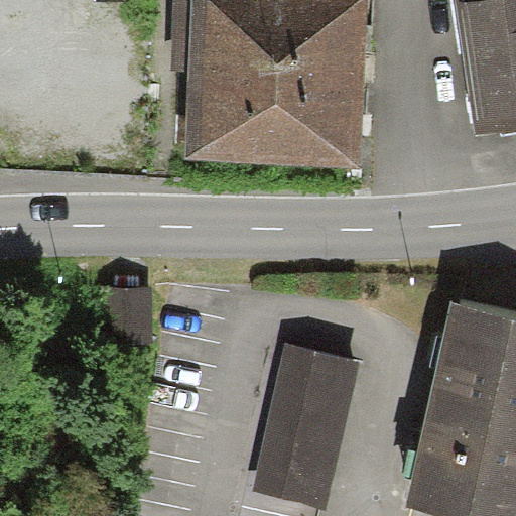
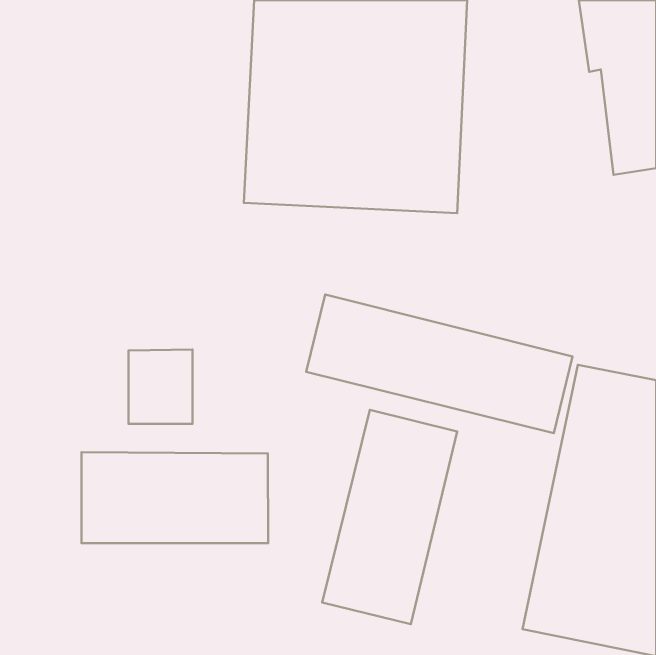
building: none -> [306,294,572,433]
building: none -> [81,452,268,543]

